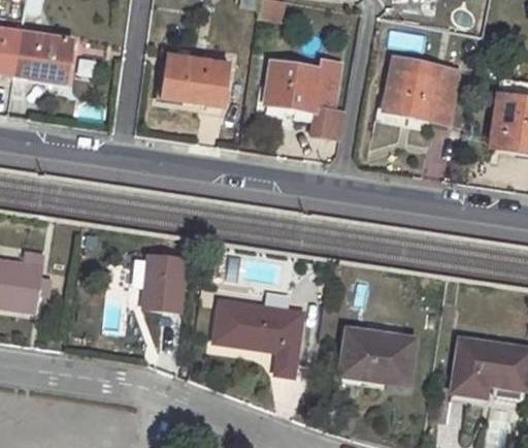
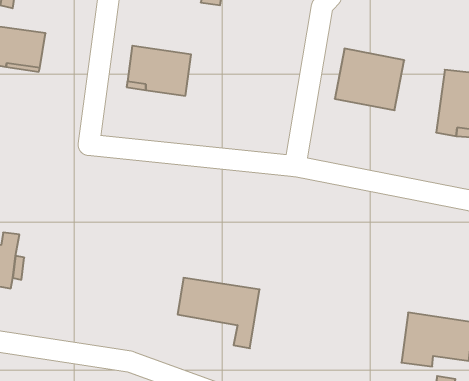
building: [265,60,344,139] -> none
building: [142,256,185,312] -> none
building: [340,328,415,384] -> none

